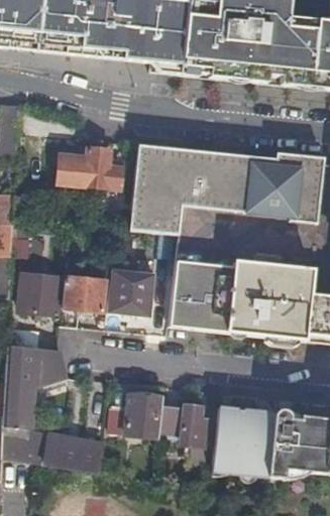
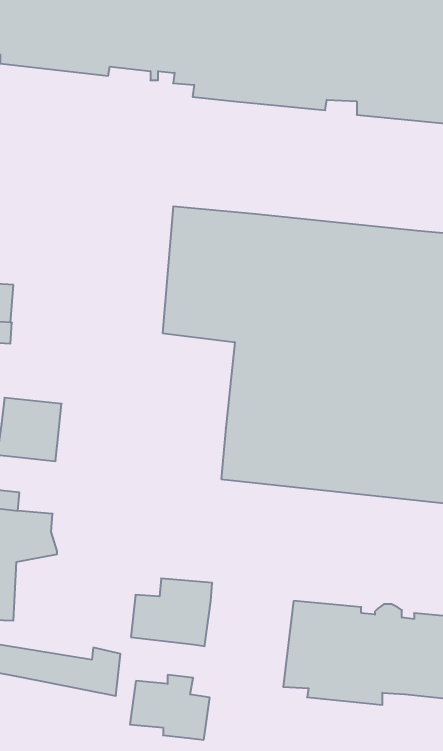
building: [60,146,124,187] -> none
building: [109,267,156,315] -> none
building: [62,275,107,325] -> none
building: [160,403,214,446] -> [130,675,210,740]

